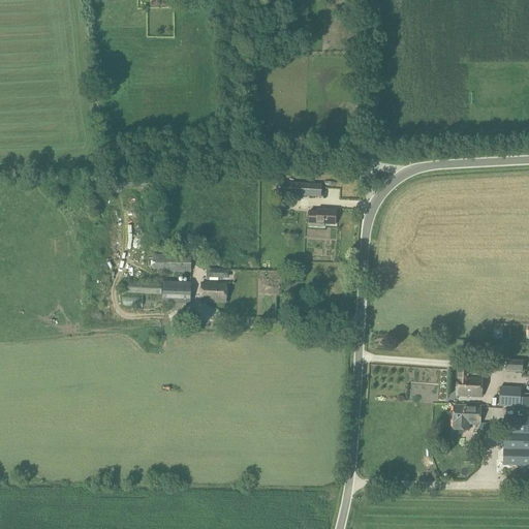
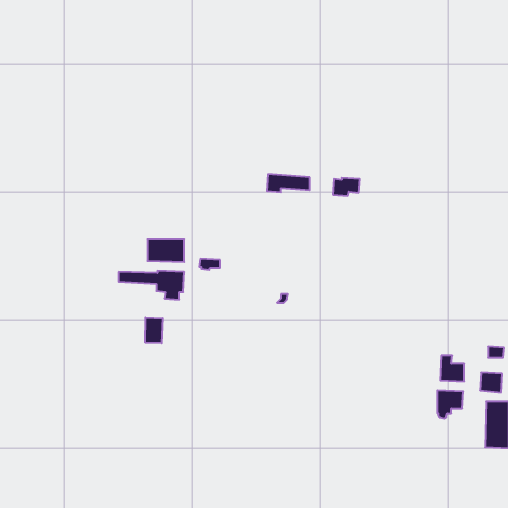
building: [309,209,337,227] -> [333,178,360,196]
building: [201,282,227,302] -> none
building: none -> [145,317,163,343]

